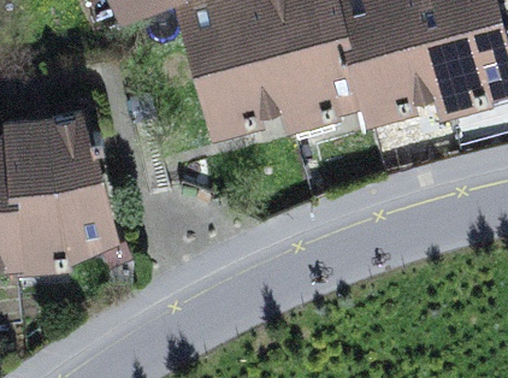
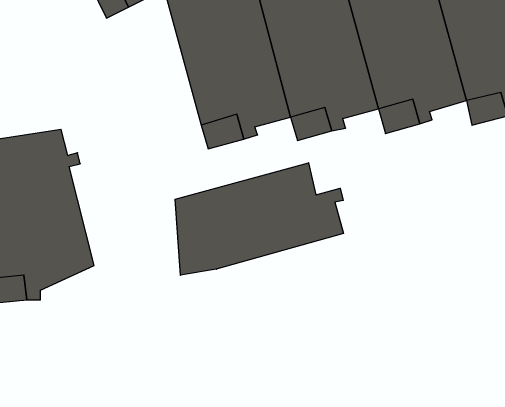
building: none -> [175,163,344,275]

